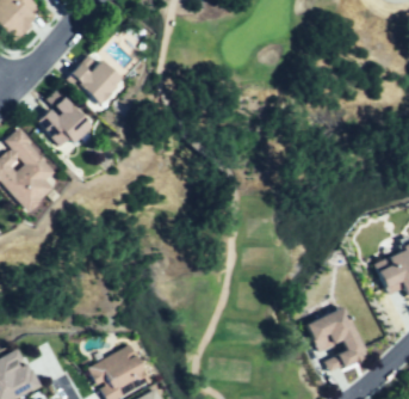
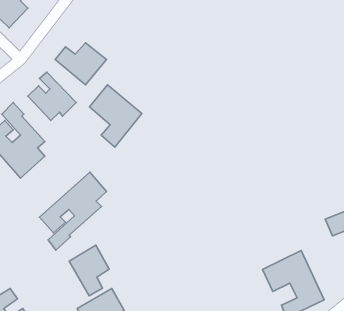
building: none -> [89,85,142,147]
building: none -> [40,172,107,250]
building: none -> [69,245,109,296]

